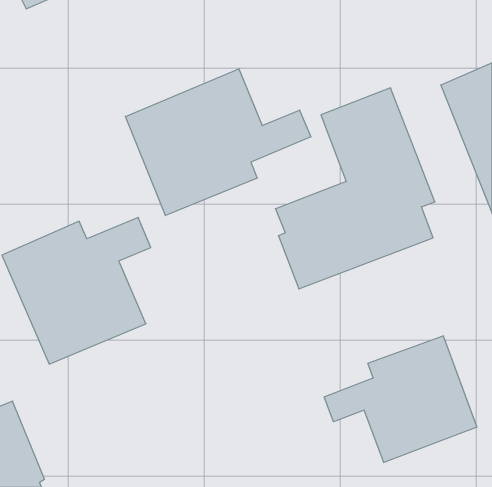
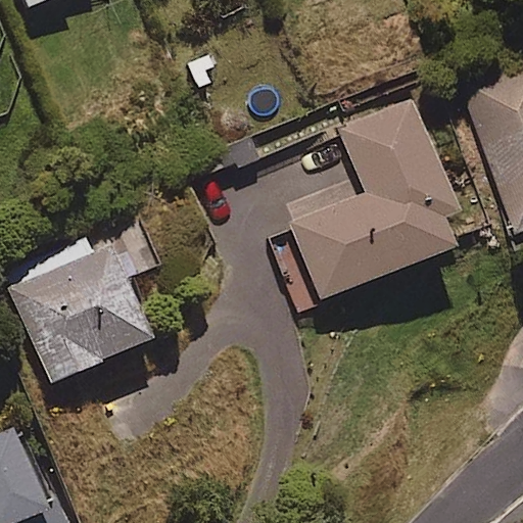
building: [125,69,311,216] -> none
building: [324,336,477,463] -> none

